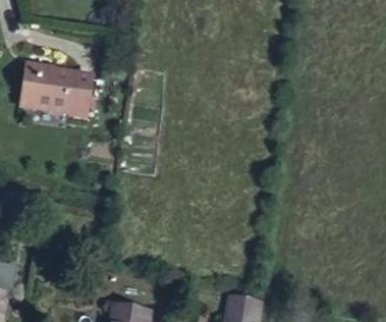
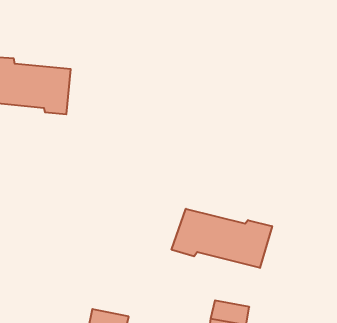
building: none -> [172,209,272,268]

